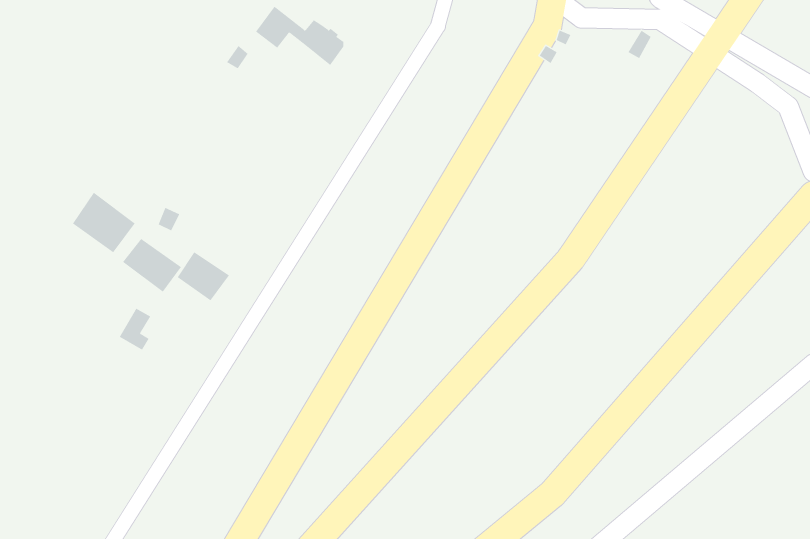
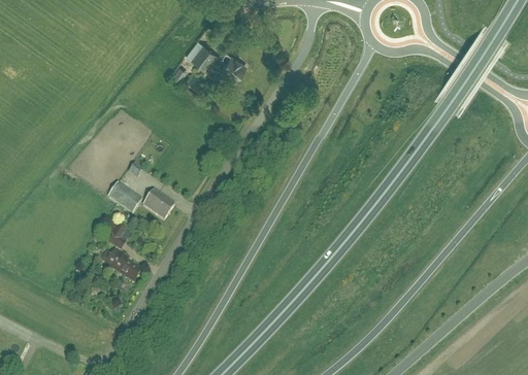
building: [72,192,136,253] -> none
building: none -> [101,248,139,280]

